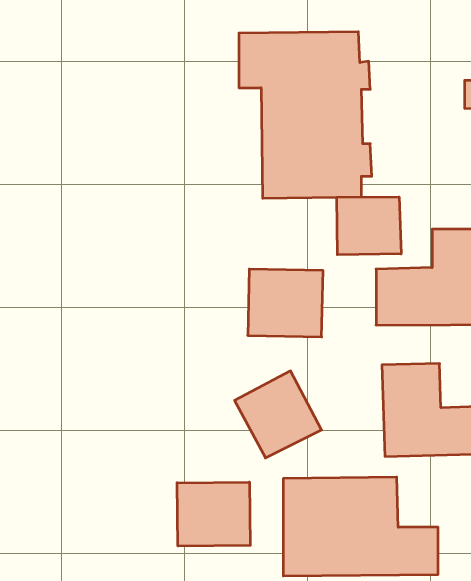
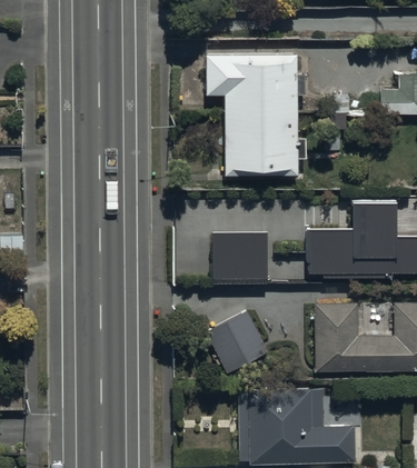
building: [337,197,401,255] -> none
building: [177,482,250,546] -> none

